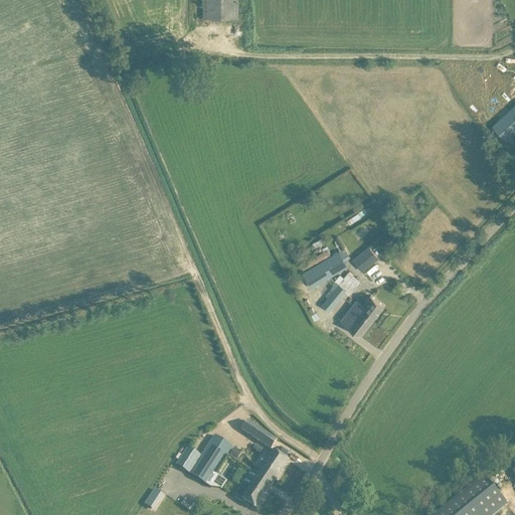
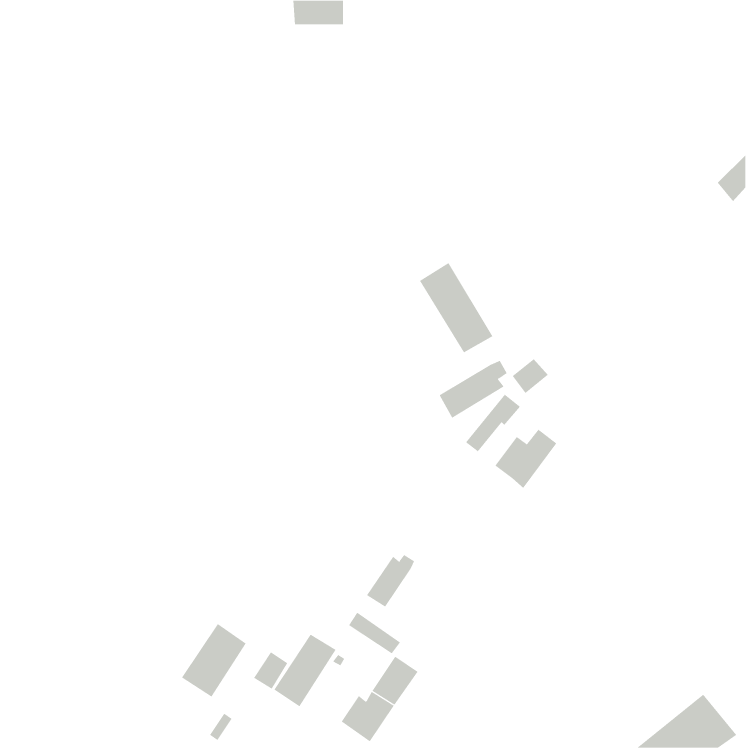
building: none -> [419,262,493,353]
building: none -> [366,554,415,608]
building: none -> [181,623,246,697]

